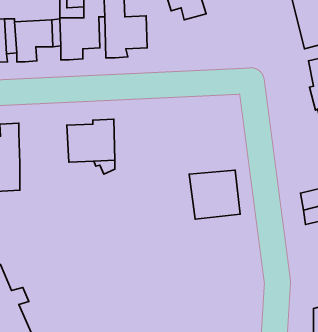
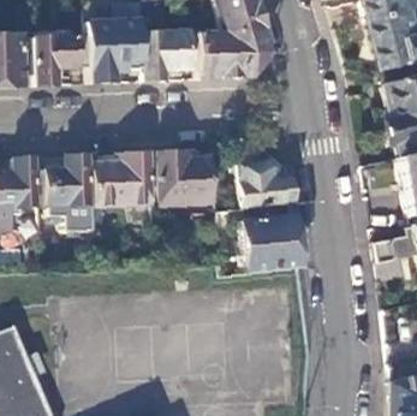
building: none -> [195,20,269,78]
building: none -> [157,153,210,206]
building: none -> [37,156,93,218]
building: none -> [239,160,294,210]

